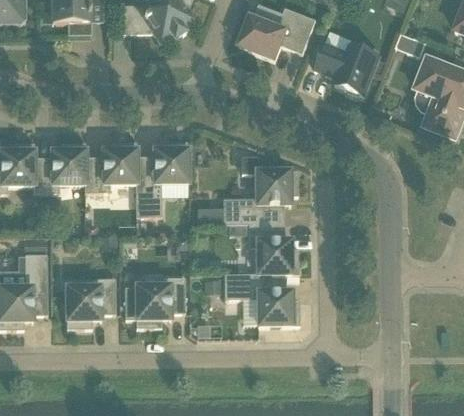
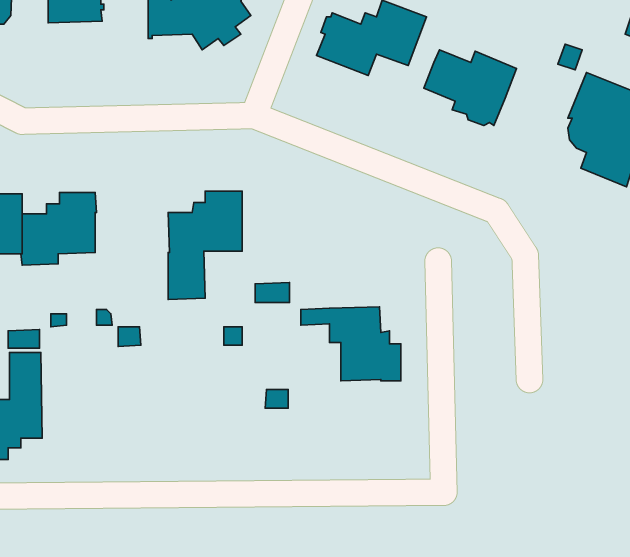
building: [84,141,136,192] -> none
building: [222,156,297,224] -> none
building: [223,273,299,326] -> none
building: [124,277,184,328] -> none
building: [65,278,115,329] -> none

